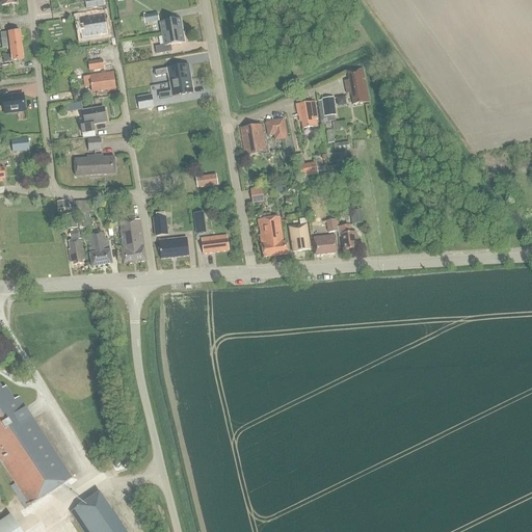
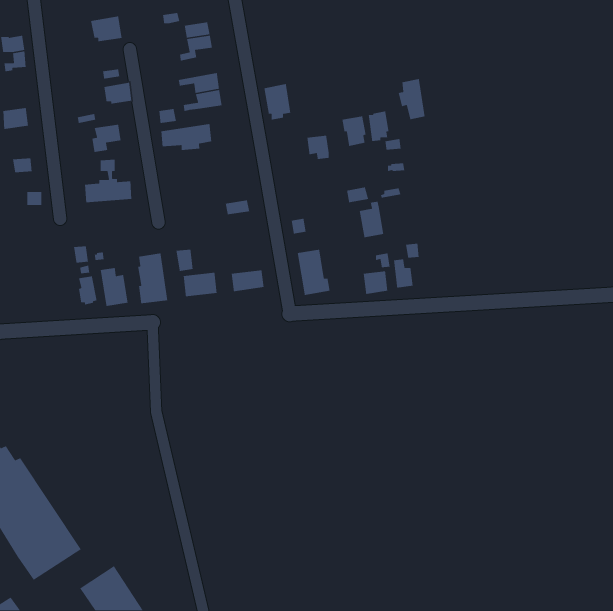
building: none -> [161,123,212,151]
building: [240,122,264,154] -> [264,83,291,120]
building: [288,218,310,250] -> [359,201,384,238]

